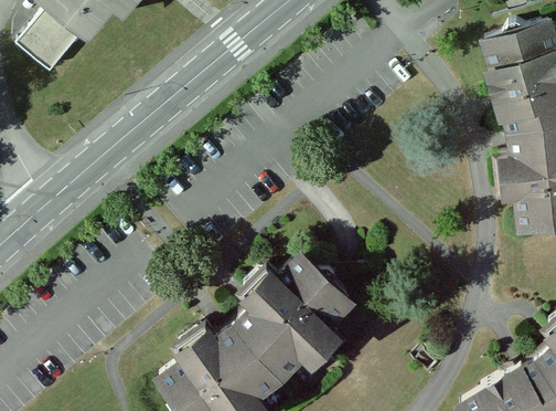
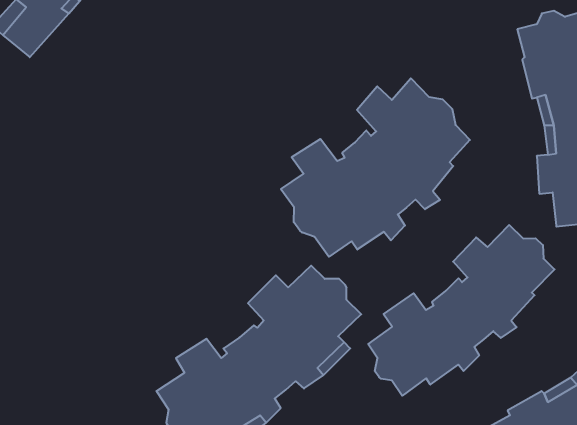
building: none -> [281,78,470,257]
building: none -> [368,225,555,396]

